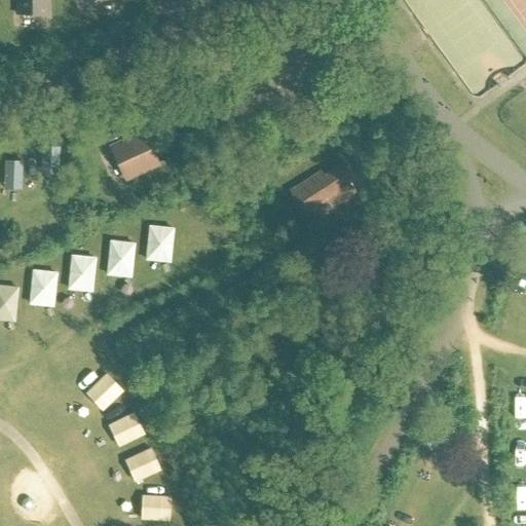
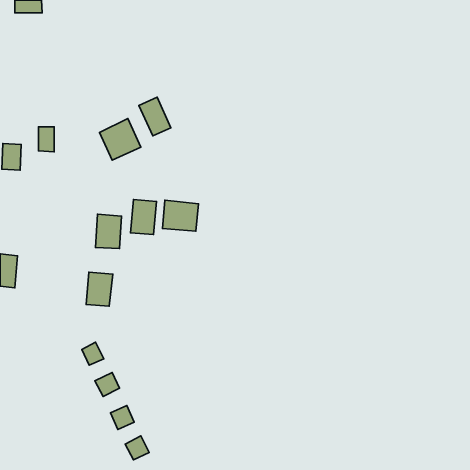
building: none -> [139,97,171,136]
building: [291,163,358,218] -> none
building: none -> [163,200,199,231]
building: [69,254,99,292] -> [86,272,113,306]
building: [29,268,59,307] -> none

